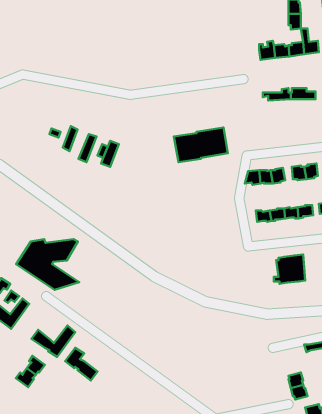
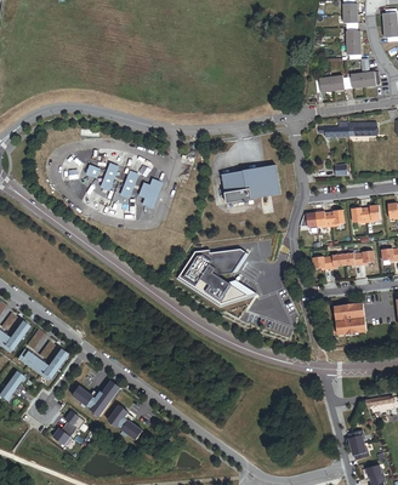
building: [16,239,79,290] -> [178,249,246,303]

